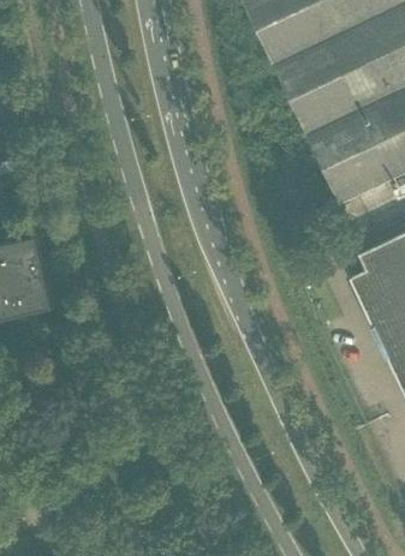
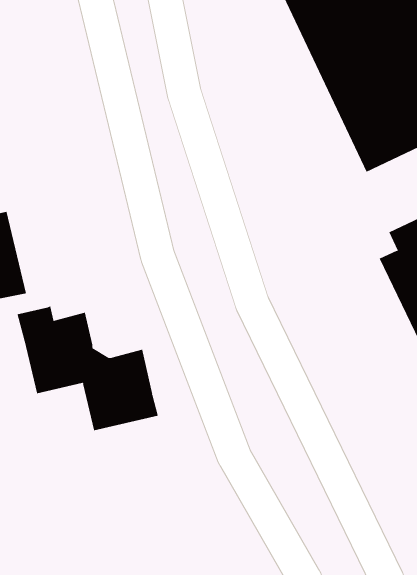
building: none -> [17,305,158,431]

